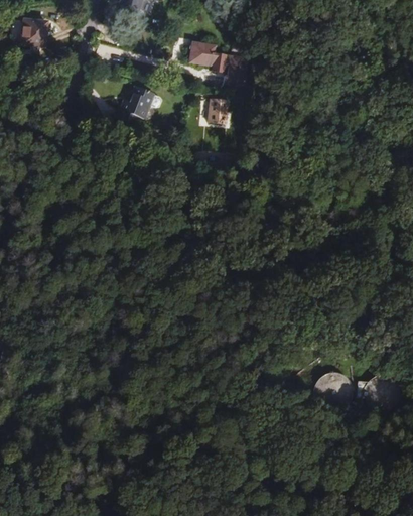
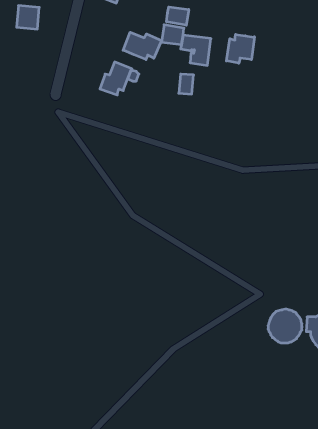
building: none -> [167,7,189,25]
building: none -> [123,32,162,60]
building: none -> [226,34,254,63]

